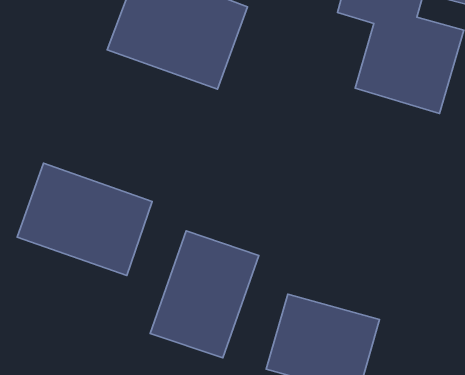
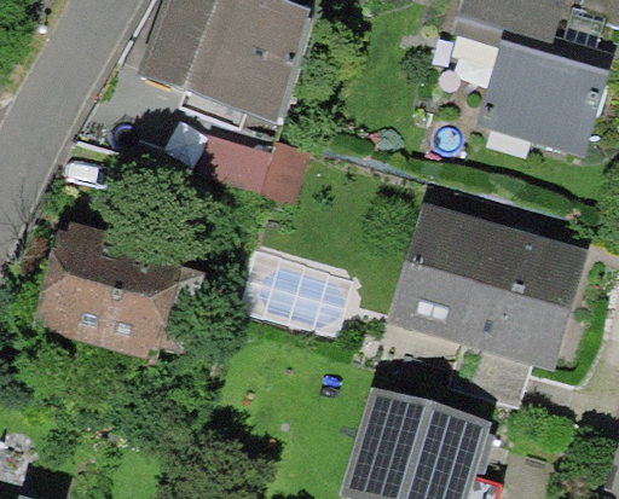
building: none -> [391,205,589,366]
building: [150,231,259,358] -> none

